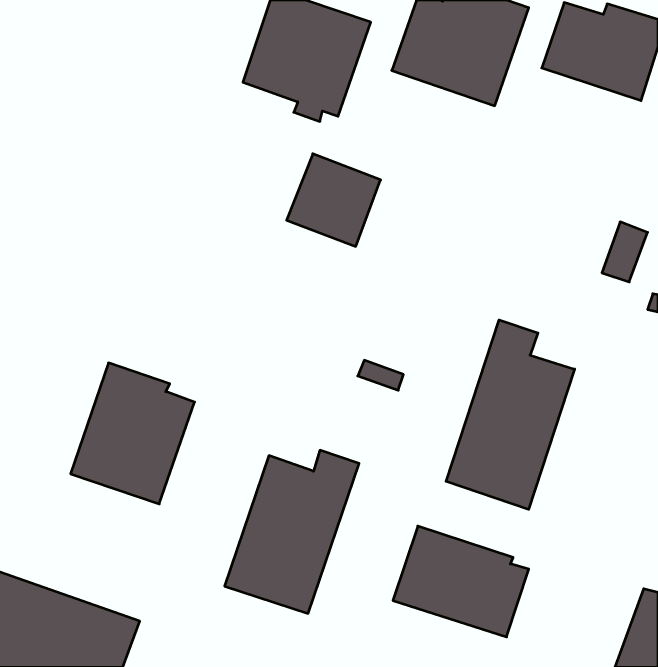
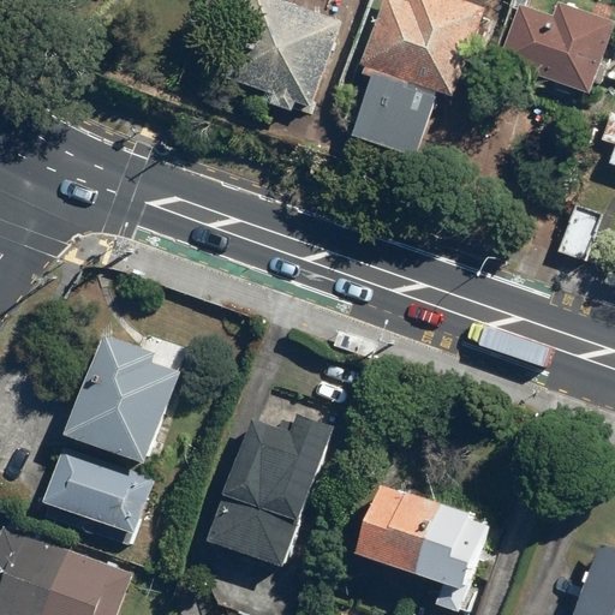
building: [287,154,381,246] -> [354,72,441,157]
building: [446,320,575,509] -> none
building: none -> [41,447,153,532]

